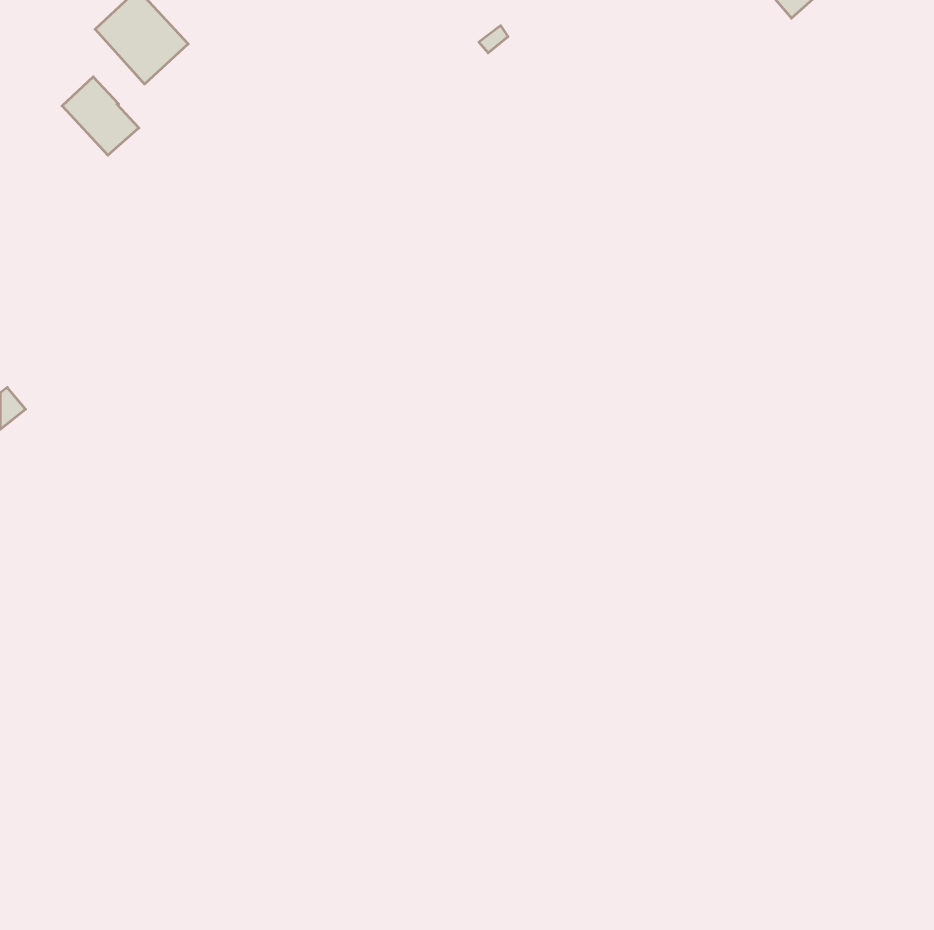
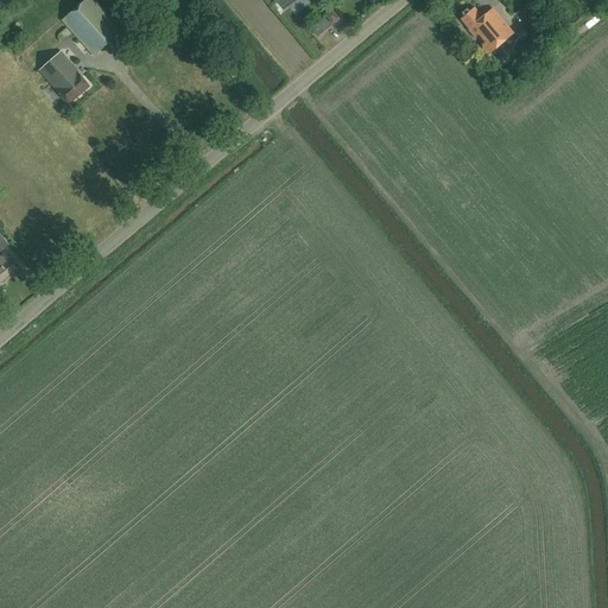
building: none -> [461,6,513,52]

